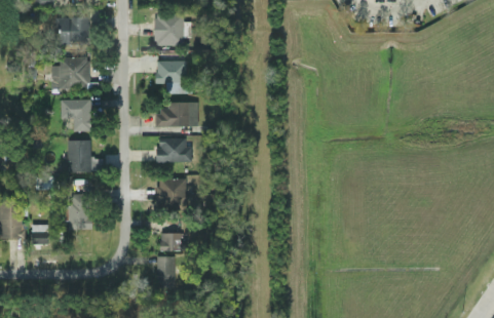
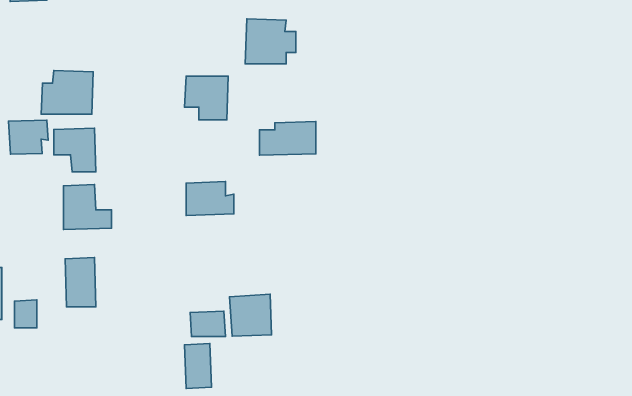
building: [154,12,191,45] -> [245,19,296,64]
building: [60,16,89,45] -> none
building: none -> [9,120,48,154]
building: [157,102,198,126] -> [259,121,316,155]
building: [156,177,187,208] -> [229,294,272,336]

